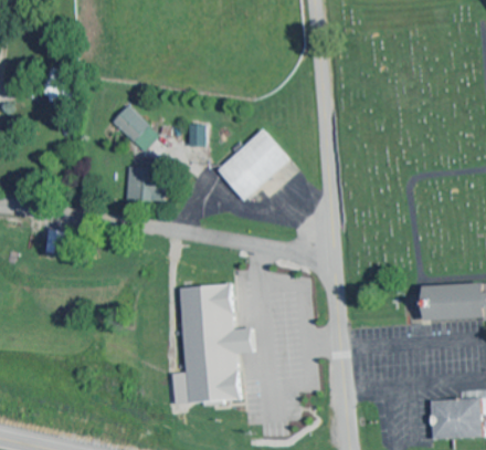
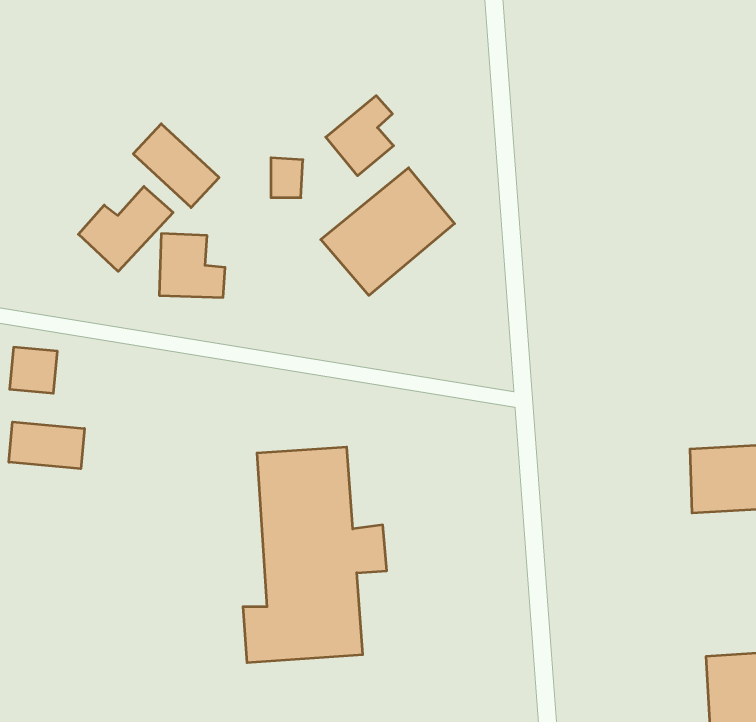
building: none -> [326,96,394,176]
building: none -> [78,186,173,271]
building: none -> [9,422,84,469]

